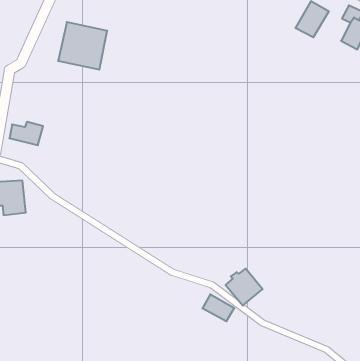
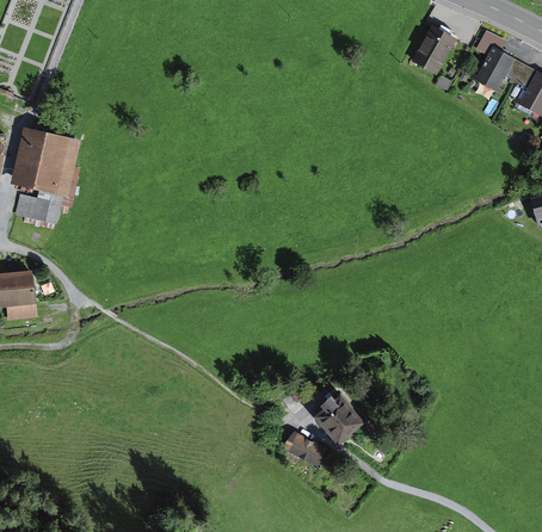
building: [58,22,107,70] -> [12,128,80,193]

